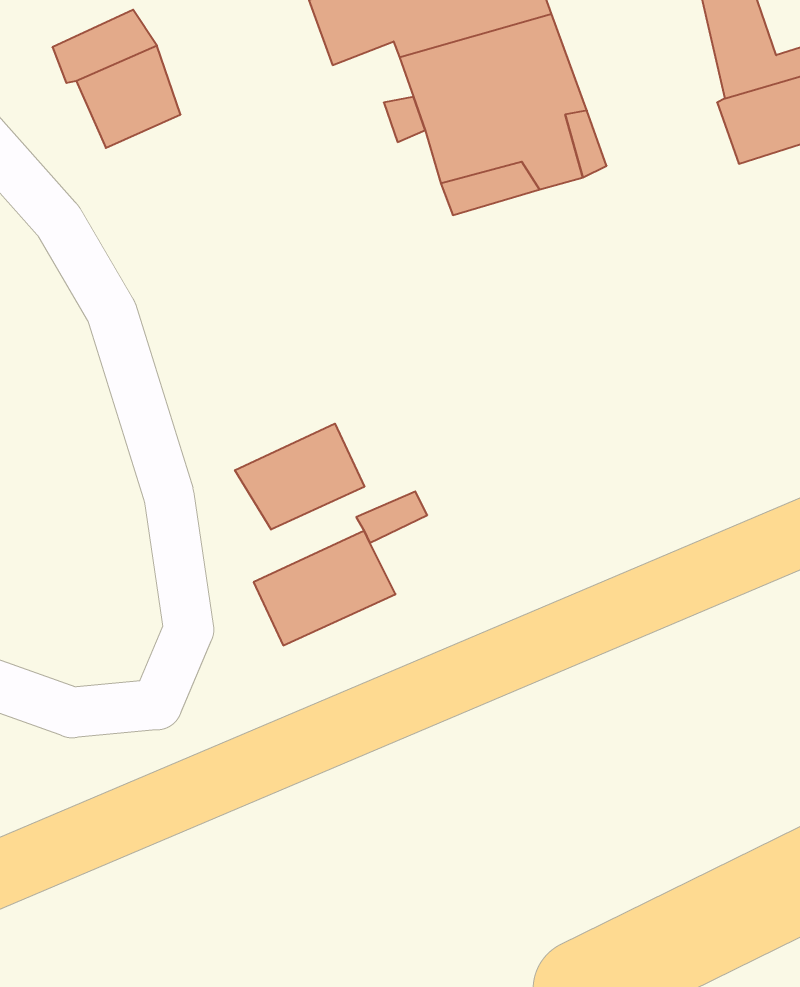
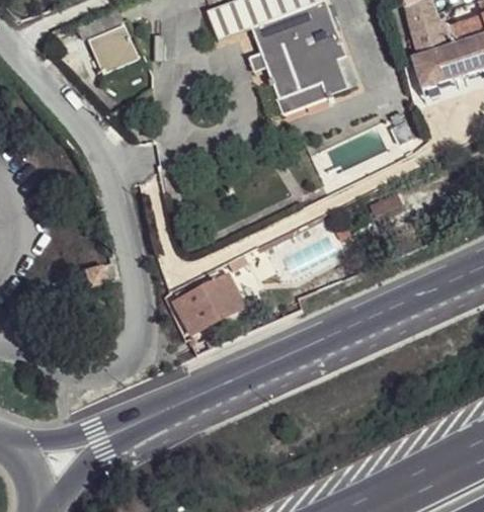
building: [235,424,364,530] -> none

